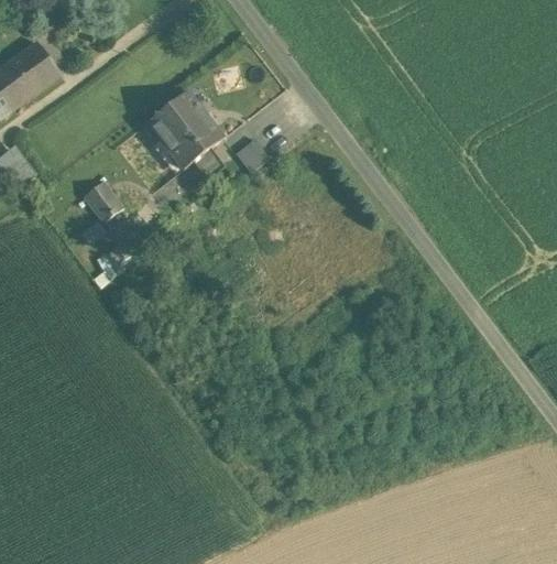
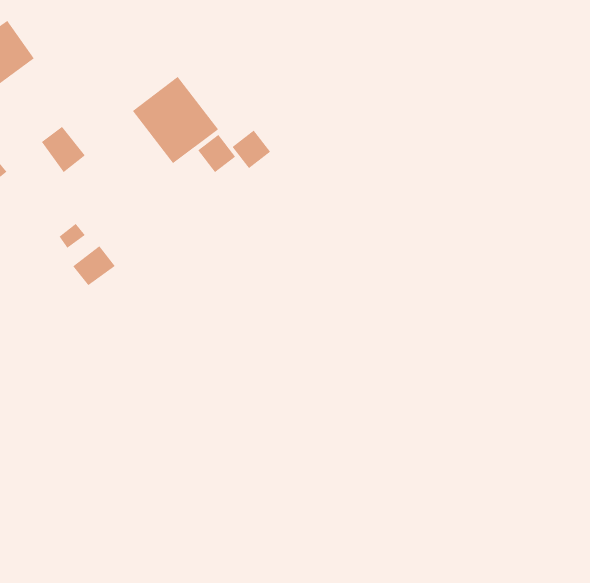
building: none -> [197,134,236,173]
building: [83,181,122,223] -> [41,126,86,173]

